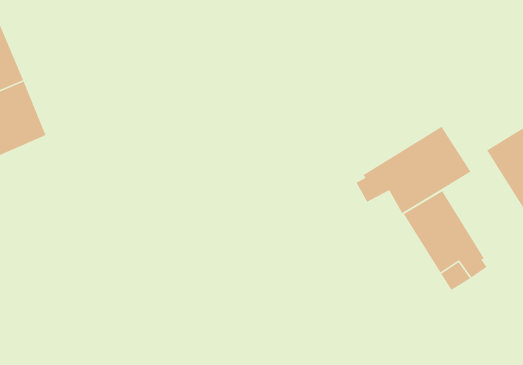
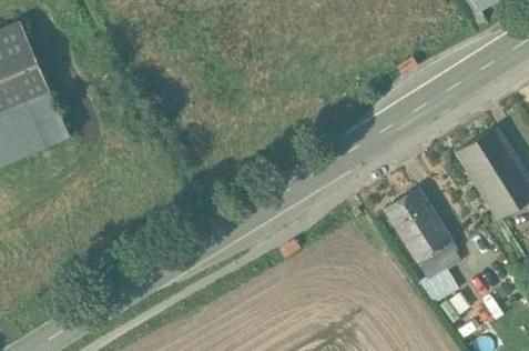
building: [356,126,471,214] -> none
building: none -> [417,265,457,301]

